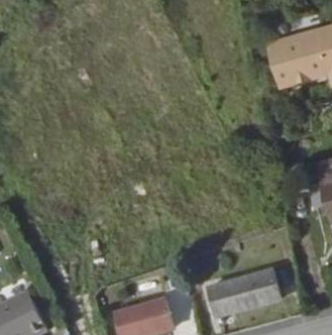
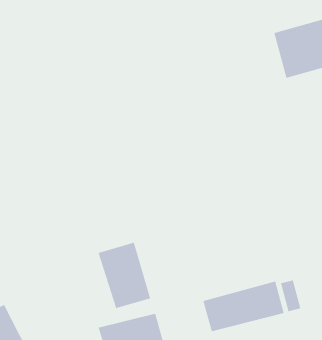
building: none -> [98,242,151,309]

